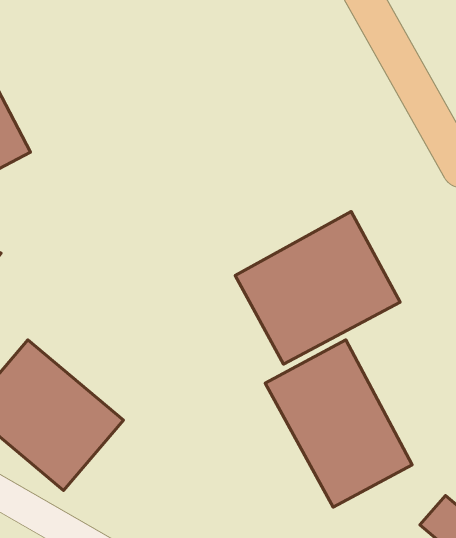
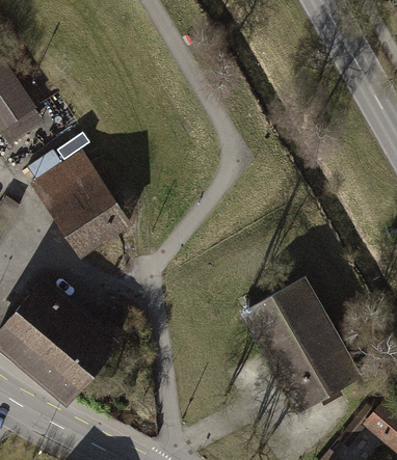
building: none -> [30,148,133,260]
building: [235,212,400,364] -> none

